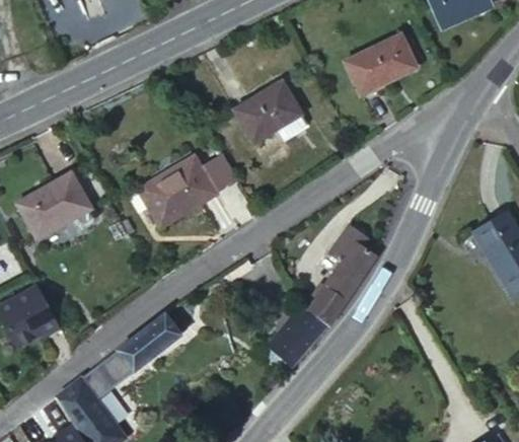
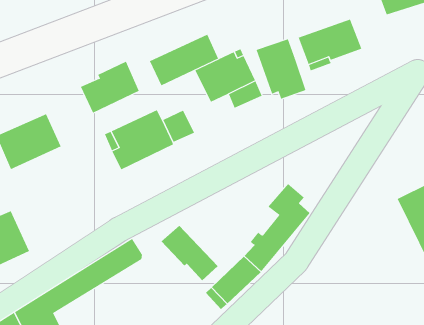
building: none -> [256,39,306,99]
building: none -> [149,34,219,86]
building: none -> [80,61,140,114]
building: none -> [161,225,219,281]

